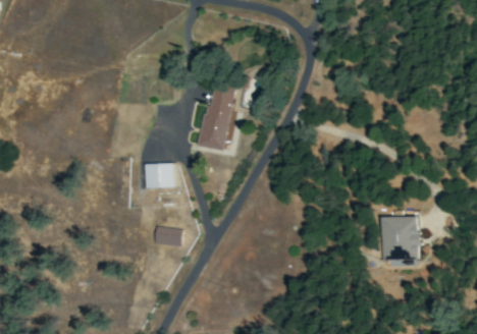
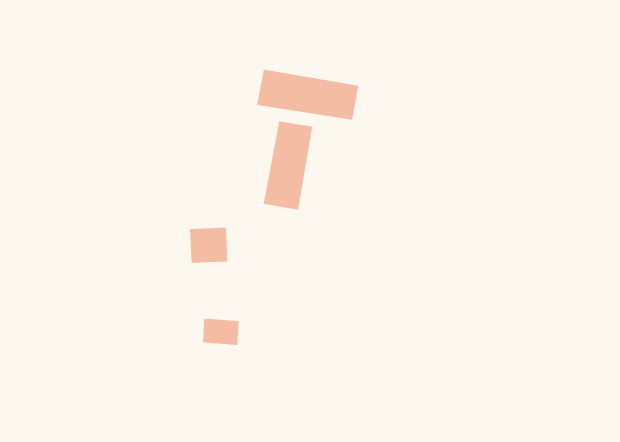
building: none -> [257,69,359,121]
building: [382,215,421,259] -> none

